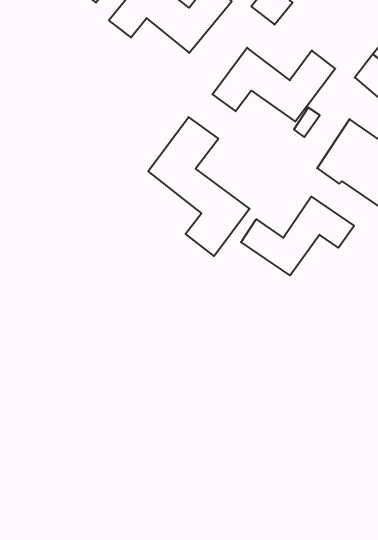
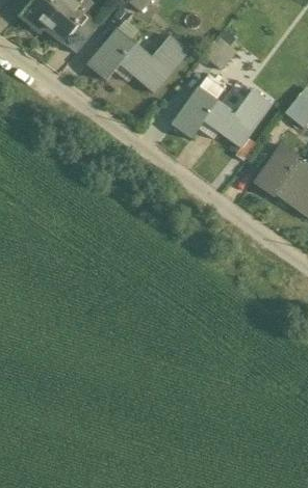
building: [148,117,250,256] -> none
building: [241,197,354,275] -> none

